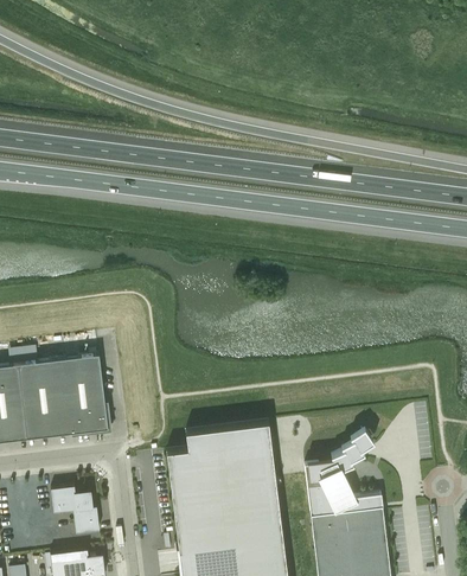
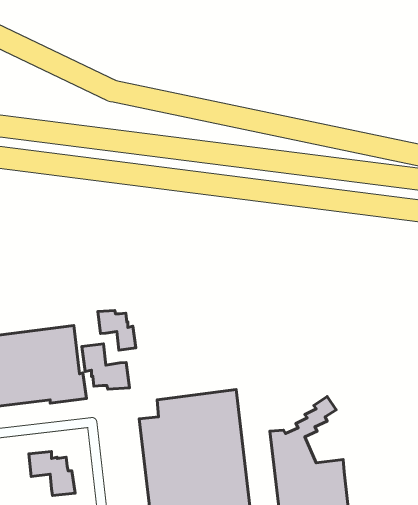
building: none -> [98,311,136,350]
building: none -> [82,344,130,389]

